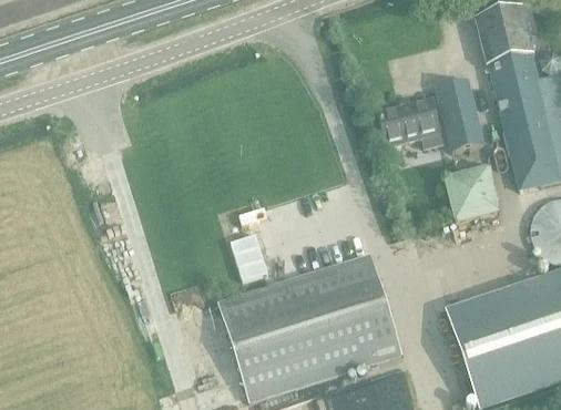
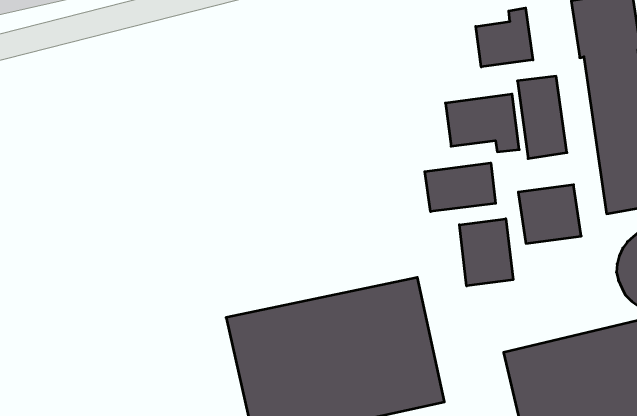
building: none -> [476,8,533,67]
building: none -> [425,163,496,212]
building: none -> [459,219,513,286]

